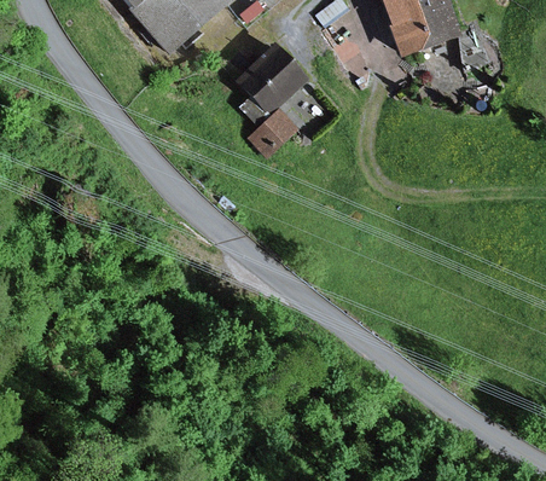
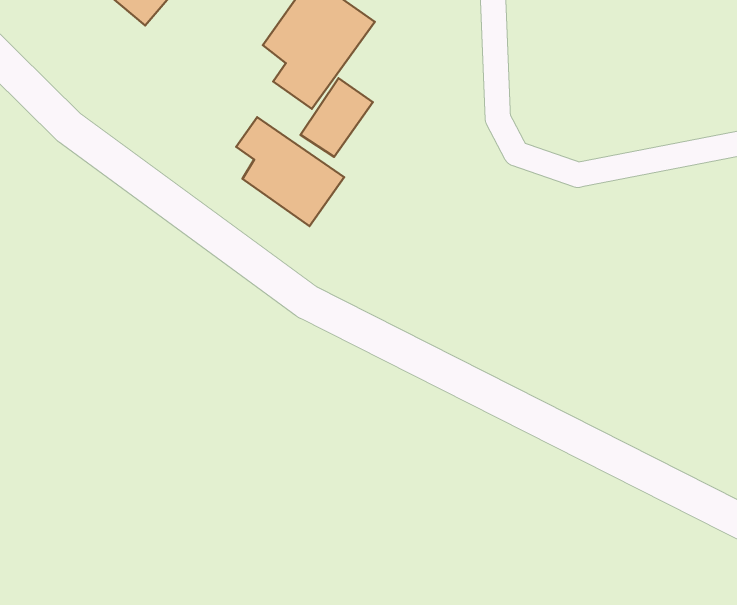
building: none -> [236,117,344,226]

